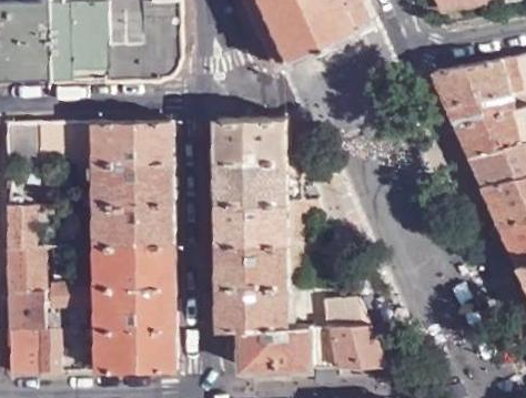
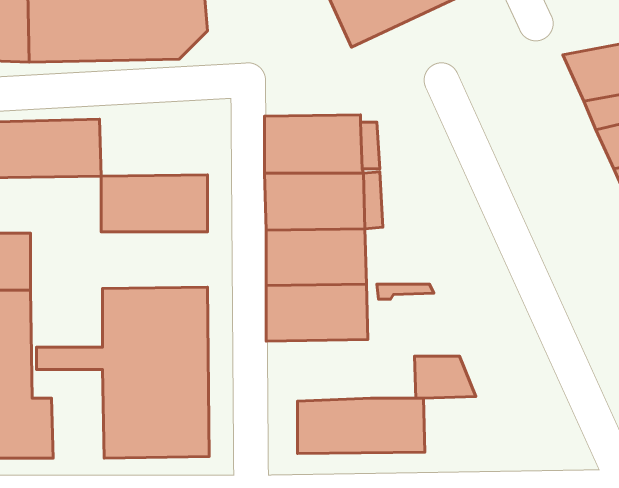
building: [92,121,172,164] -> none
building: [93,205,172,247] -> none
building: [215,285,293,330] -> none
building: [332,327,384,368] -> none

